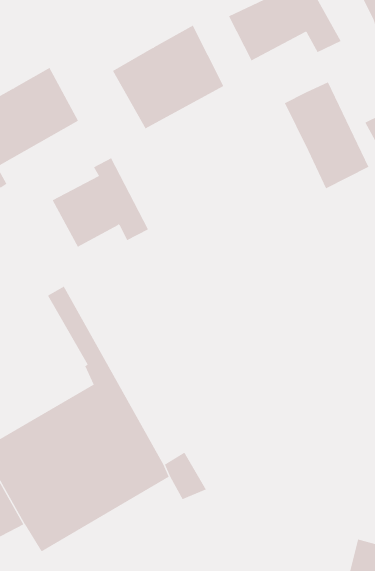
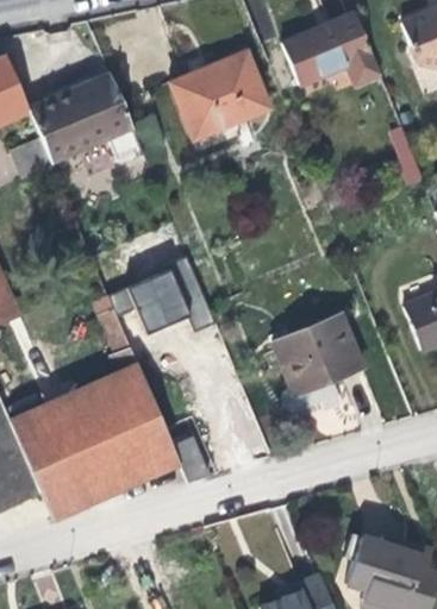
building: [284,82,369,189] -> none
building: [52,158,149,248] -> [132,253,219,333]
building: none -> [275,320,364,400]

